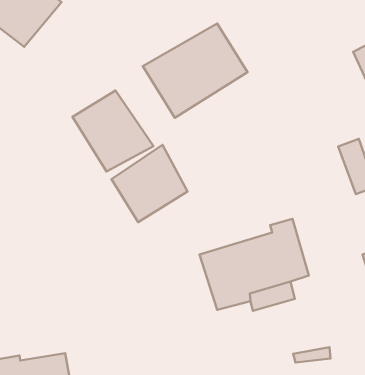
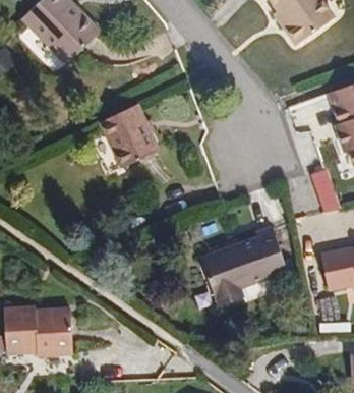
building: [143,23,247,118] -> none
building: [111,145,188,222] -> none

